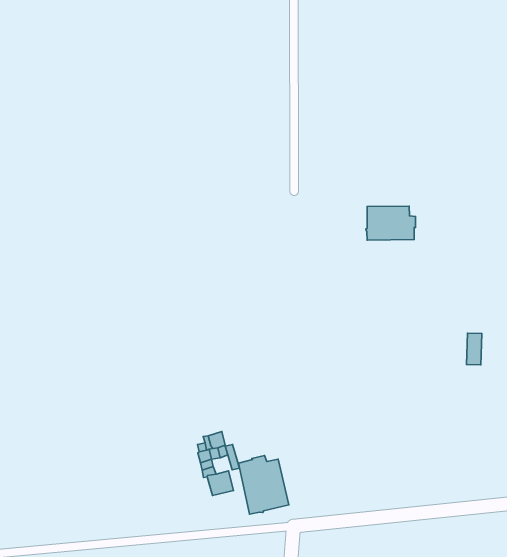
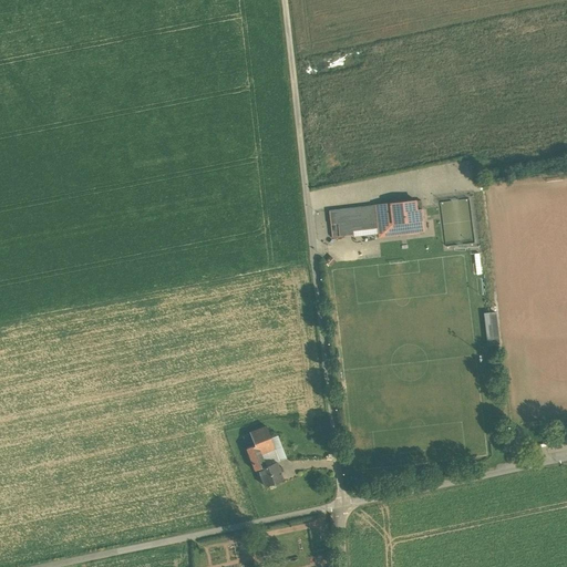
building: none -> [329,205,379,236]
building: [238,455,289,514] -> none

